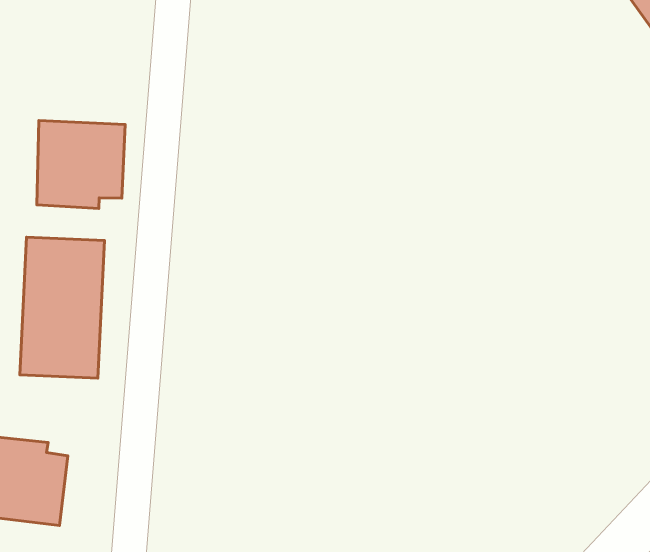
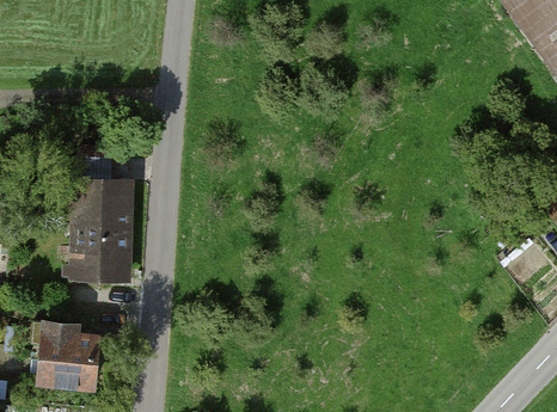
building: [37,120,125,208] -> none

